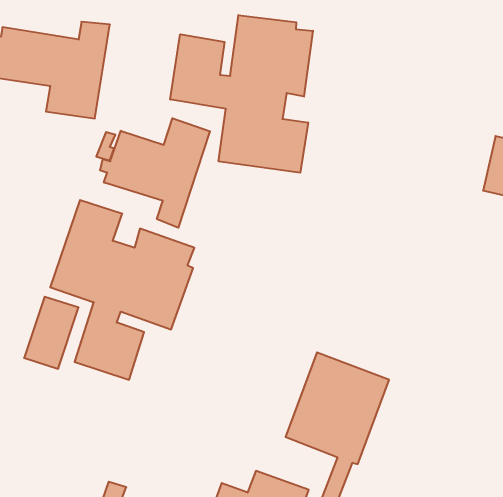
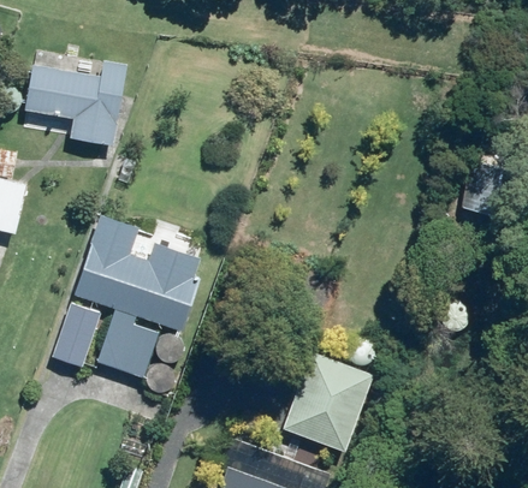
building: [170,15,313,173] -> none
building: [100,118,210,228] -> none

